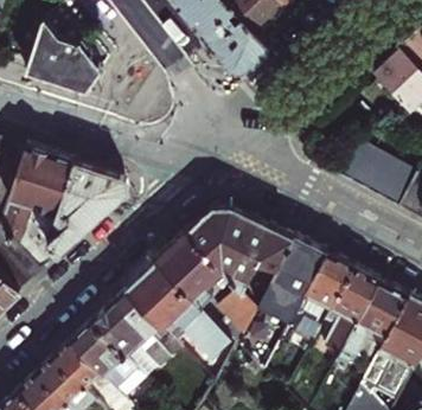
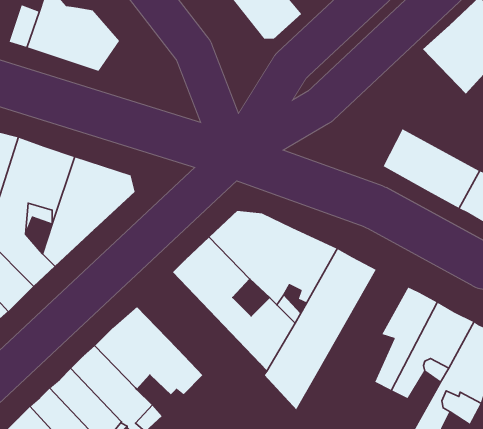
building: [279,258,354,353] -> none
building: [127,261,230,354] -> none

